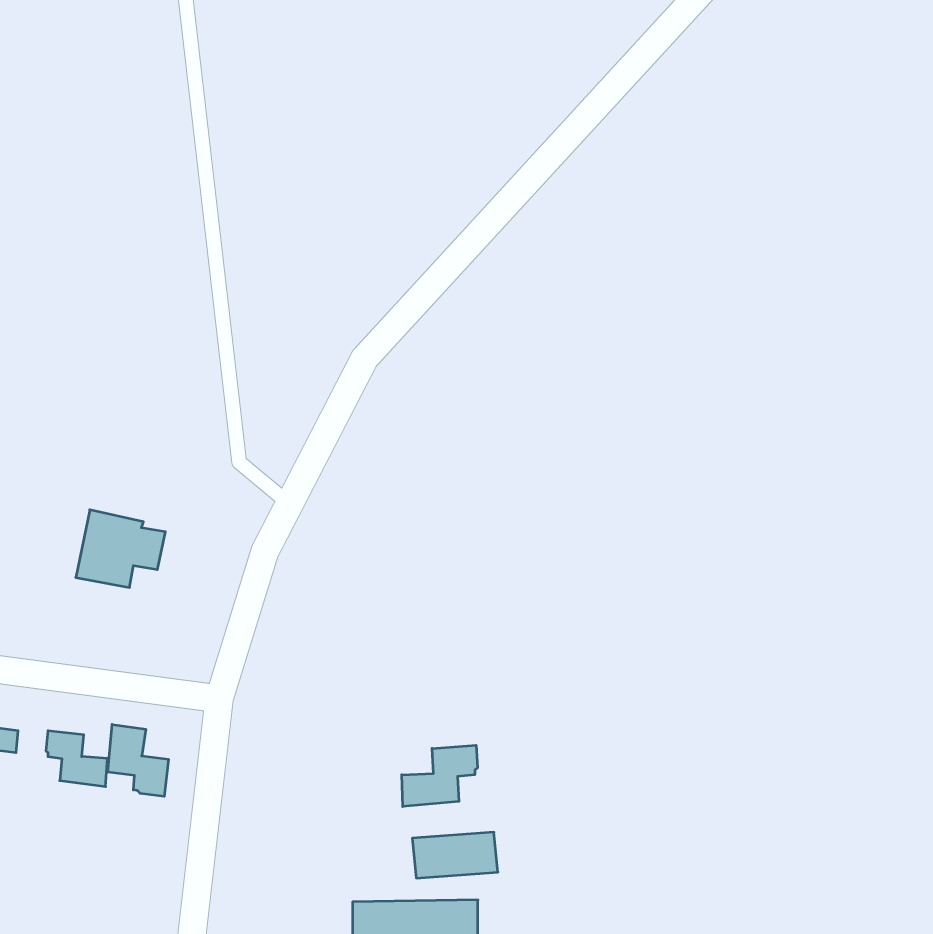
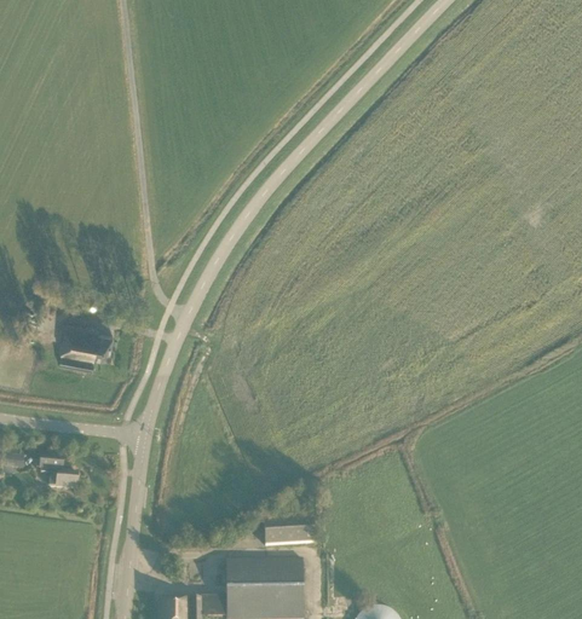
building: [108,724,168,796] -> none
building: [402,745,477,807] -> none

